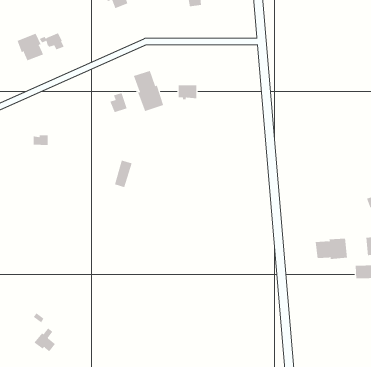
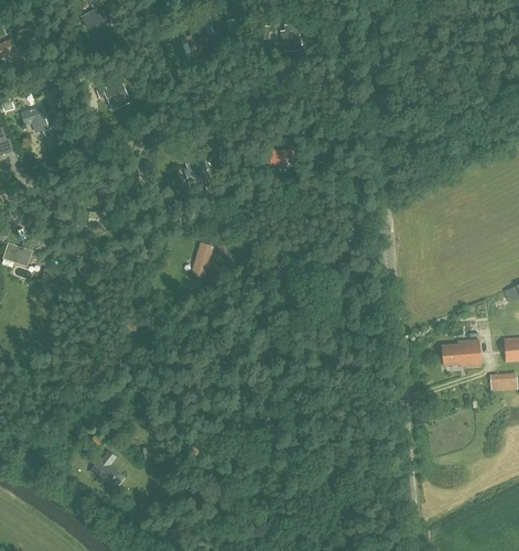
building: [17,33,44,61] -> none
building: [133,70,164,112] -> none

